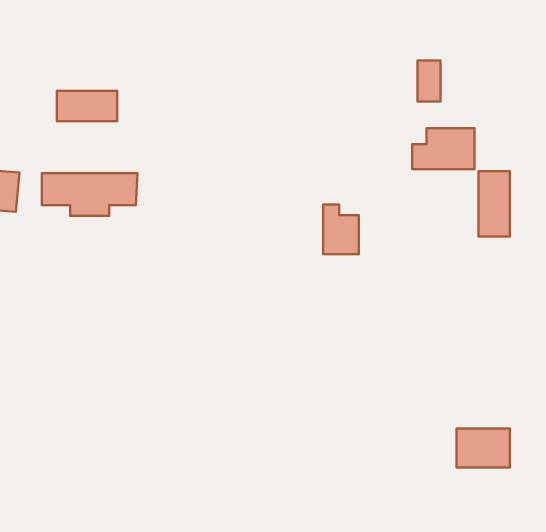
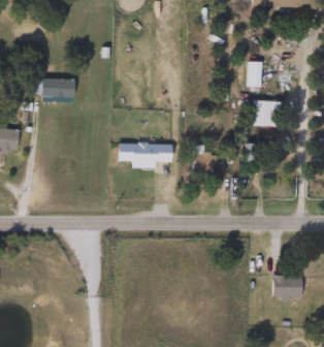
building: [478,171,510,236] -> none
building: [42,173,138,216] -> [116,143,171,167]

